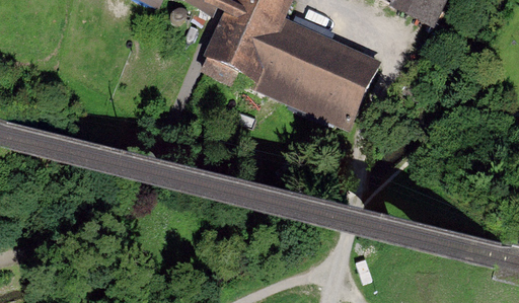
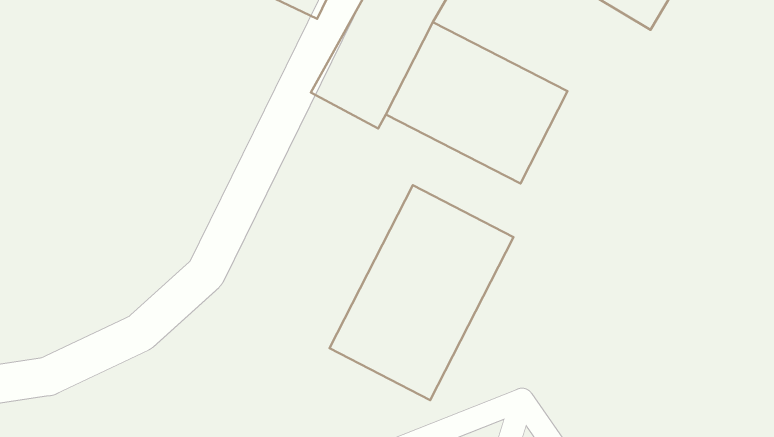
building: none -> [330,185,514,400]

